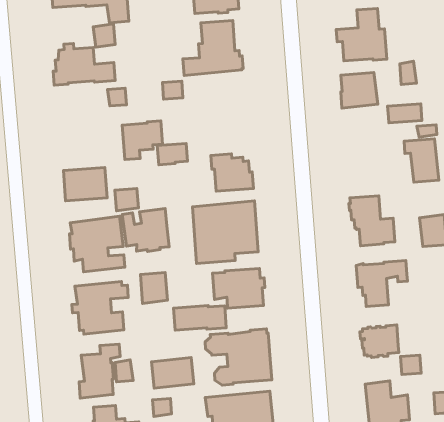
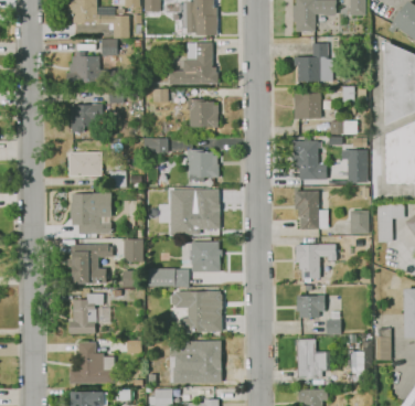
building: none -> [188,99,219,128]
building: [122,121,163,160] -> [72,104,103,132]
building: none -> [294,141,326,180]
building: [122,209,169,252] -> none
building: [151,358,194,388] -> none

